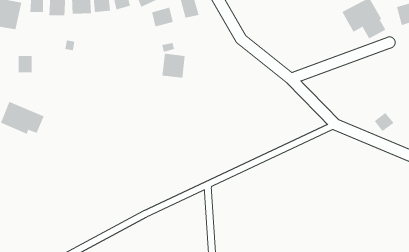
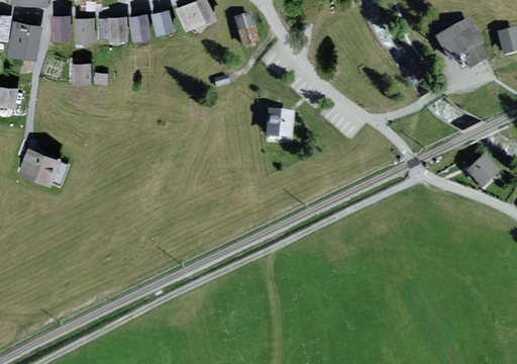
building: [152,7,174,27] -> none
building: [162,53,186,78] -> [267,108,296,139]
building: [18,56,33,73] -> [72,62,90,83]

